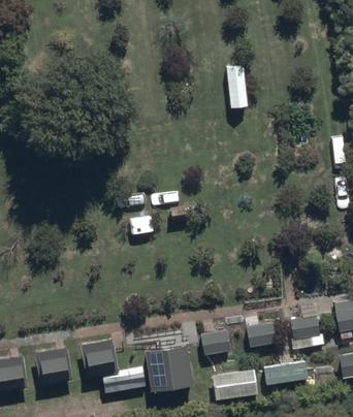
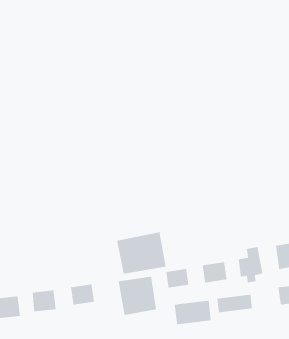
building: none -> [117,232,166,274]

